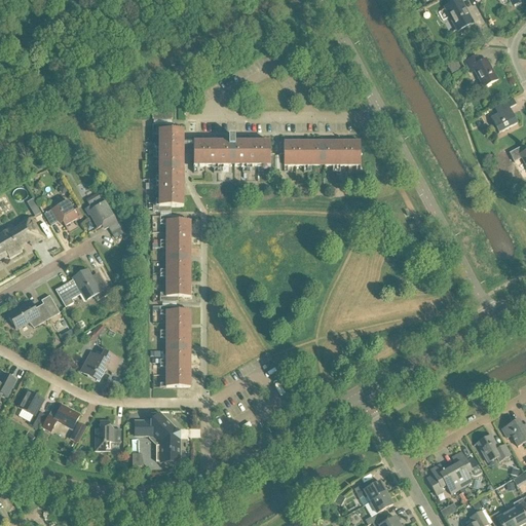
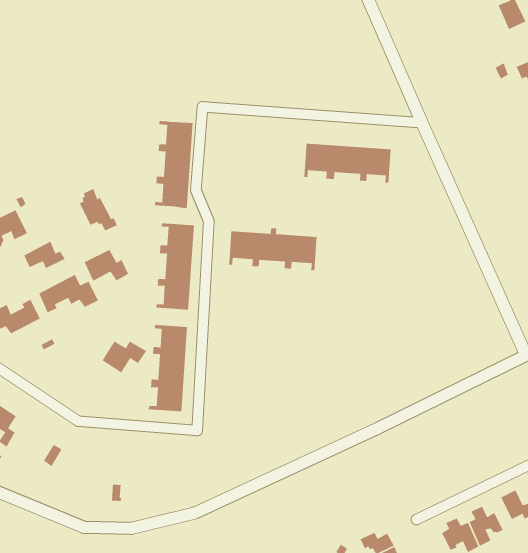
building: [193,135,270,171] -> [228,227,317,271]
building: [44,198,82,224] -> [23,241,66,269]
building: none -> [84,249,129,282]
building: [80,350,120,380] -> [101,340,147,374]
building: [42,403,80,430] -> none
building: [136,414,180,460] -> none
building: [95,419,121,450] -> none

